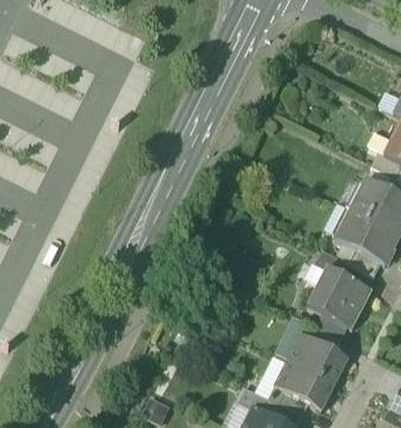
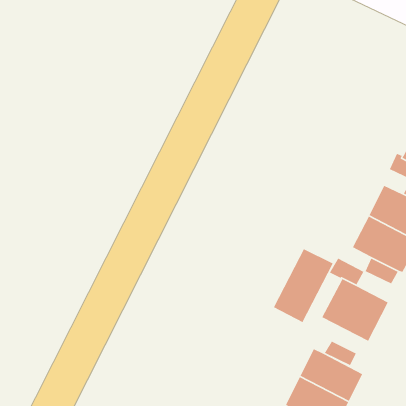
building: none -> [273,248,334,323]

